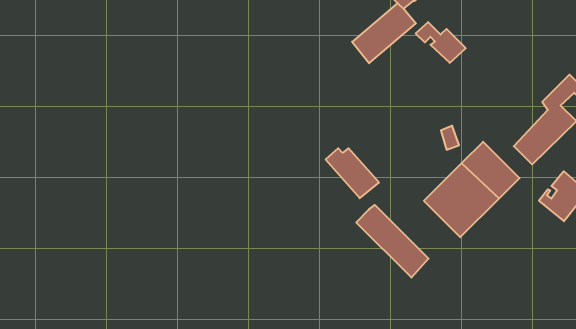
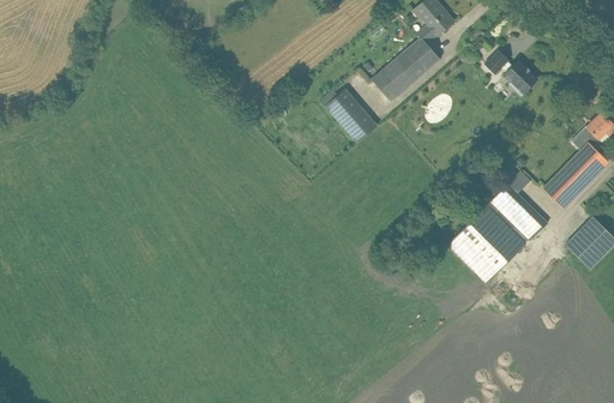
building: [416,22,466,63] -> [486,50,538,94]
building: [326,148,379,198] -> [320,88,377,140]
building: [356,205,429,278] -> none

